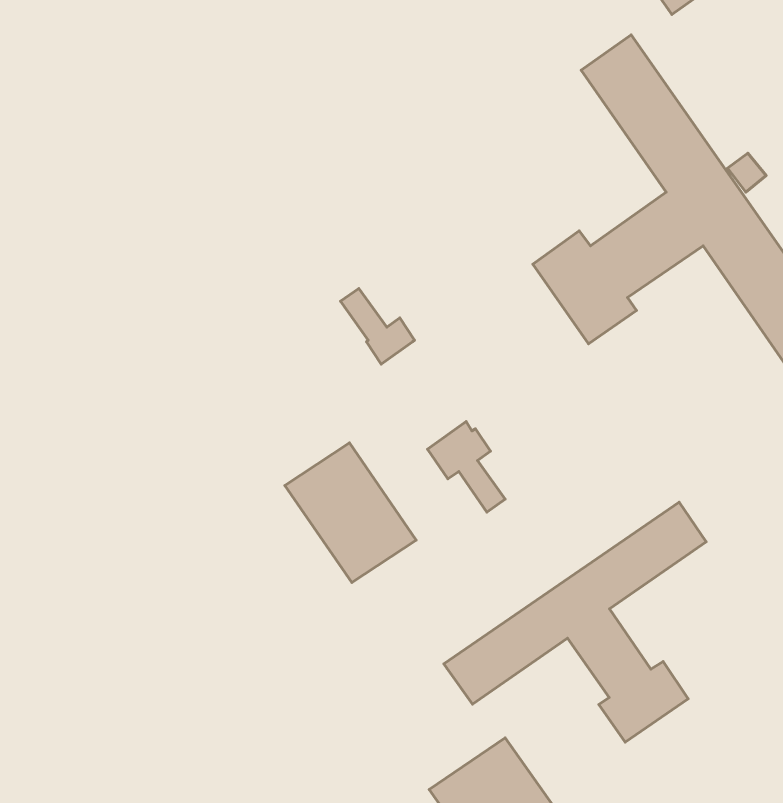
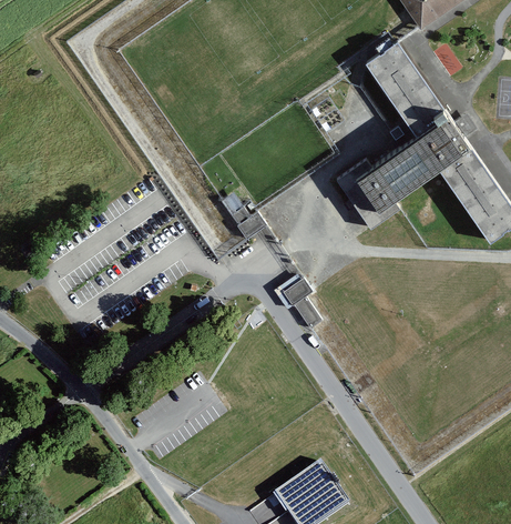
building: [285,443,416,583] -> none
building: [444,502,706,742] -> none

